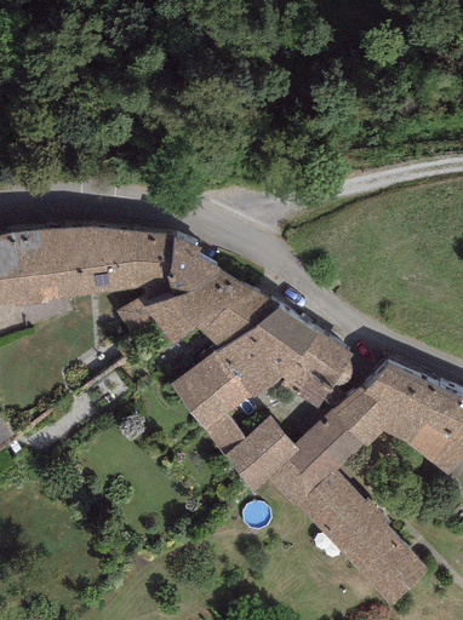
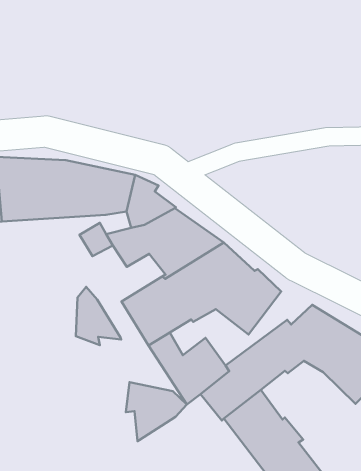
building: none -> [76,287,121,345]
building: none -> [126,382,187,441]

